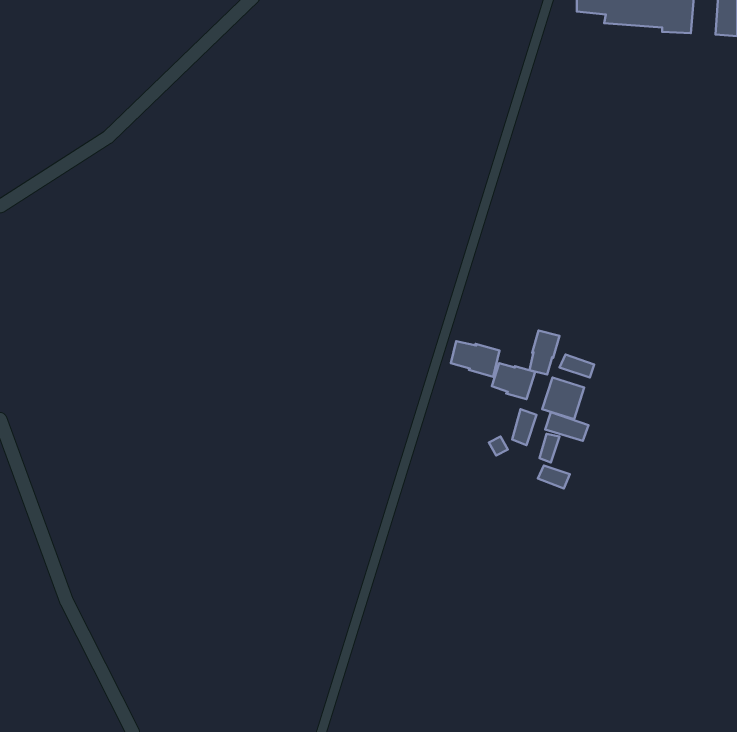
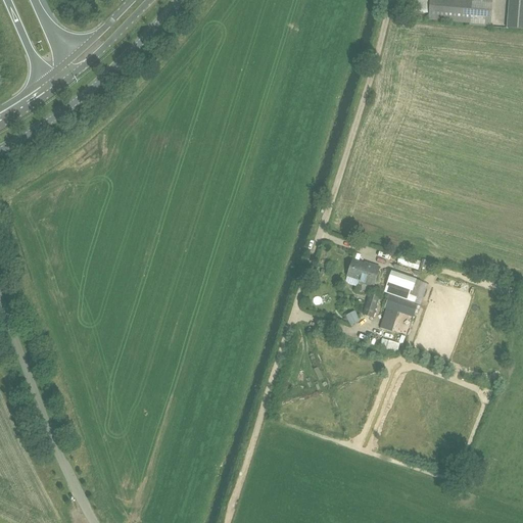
building: [529,331,560,375] -> none
building: [451,341,500,377] -> none

